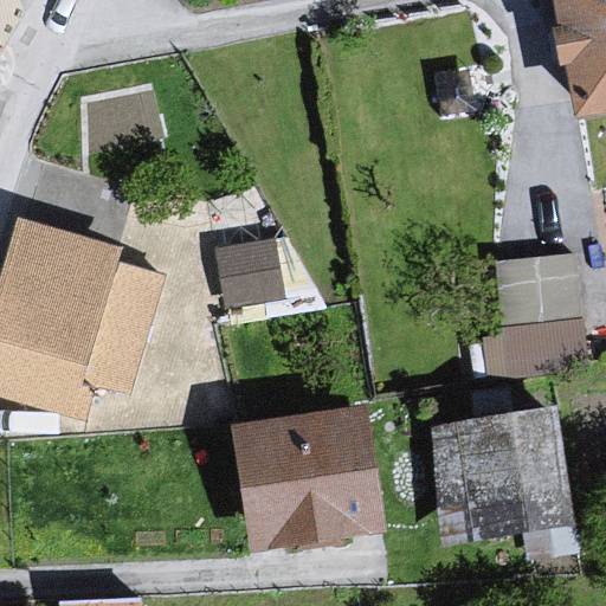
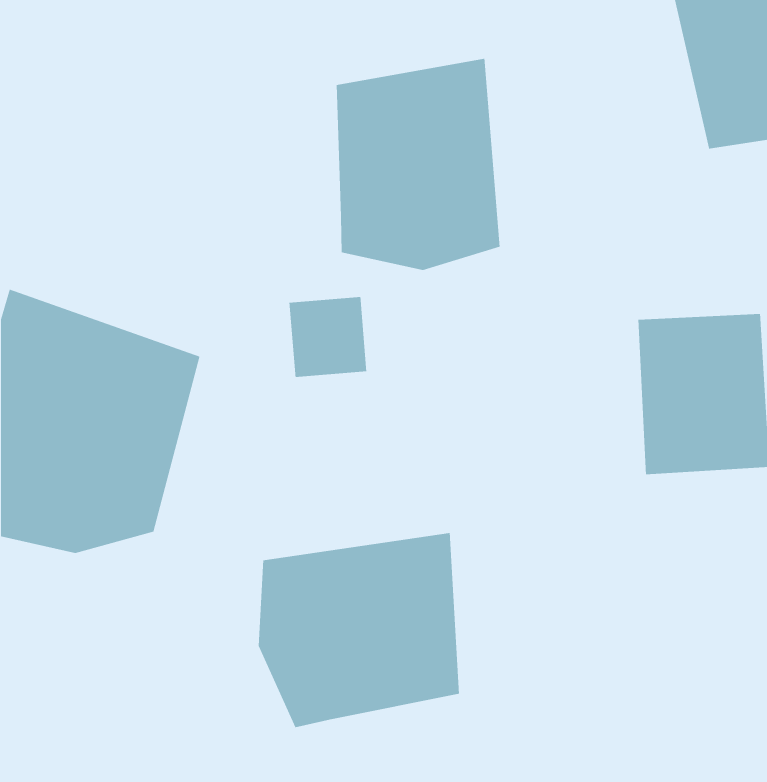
building: none -> [336,58,501,271]
building: [428,407,566,531] -> none

